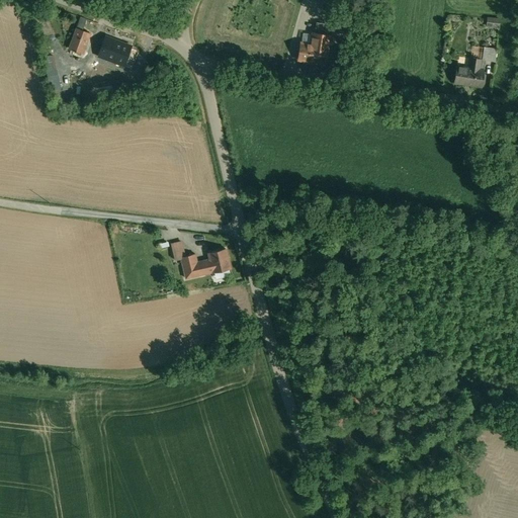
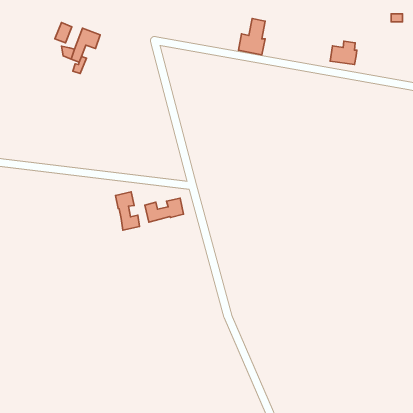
building: [453,60,487,89] -> [330,41,357,65]
building: none -> [116,192,140,230]

